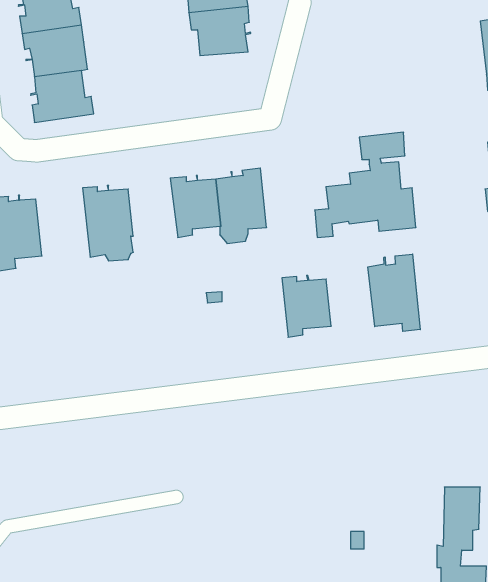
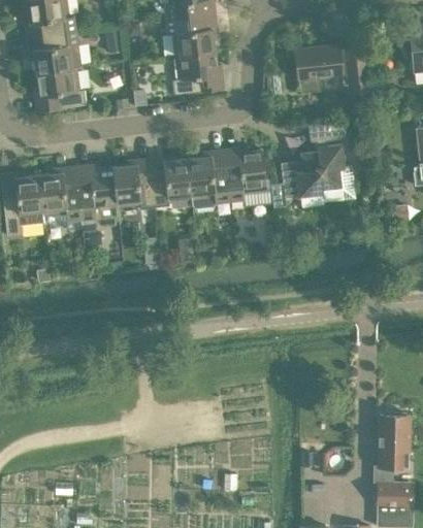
building: none -> [295,45,369,93]
building: none -> [173,53,224,95]
building: none -> [116,158,157,208]
building: none -> [38,166,84,230]
building: [368,254,420,331] -> none
building: [282,275,331,337] -> [226,147,267,199]

